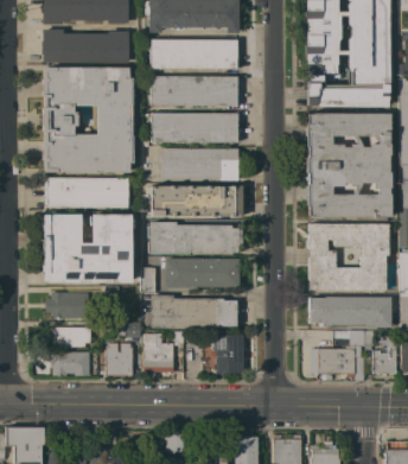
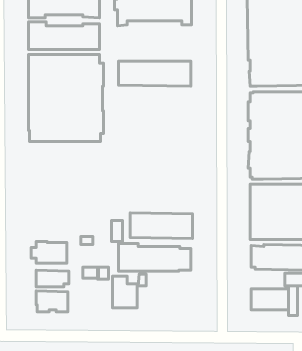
building: [151,39,237,69] -> none
building: [152,113,237,142] -> none
building: [161,147,238,180] -> none
building: [46,177,128,208] -> none
building: [152,185,243,216] -> none
building: [43,214,133,282] -> none
building: [148,222,242,254] -> none
building: [203,335,243,374] -> none
building: [107,343,133,376] -> none

